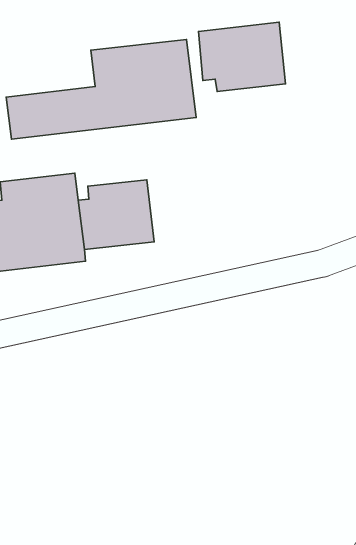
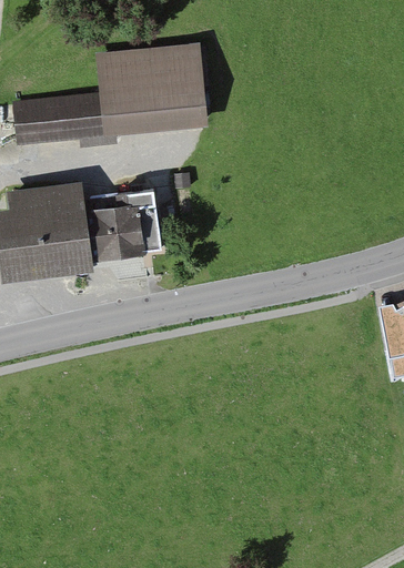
building: [198,22,286,92] -> none

